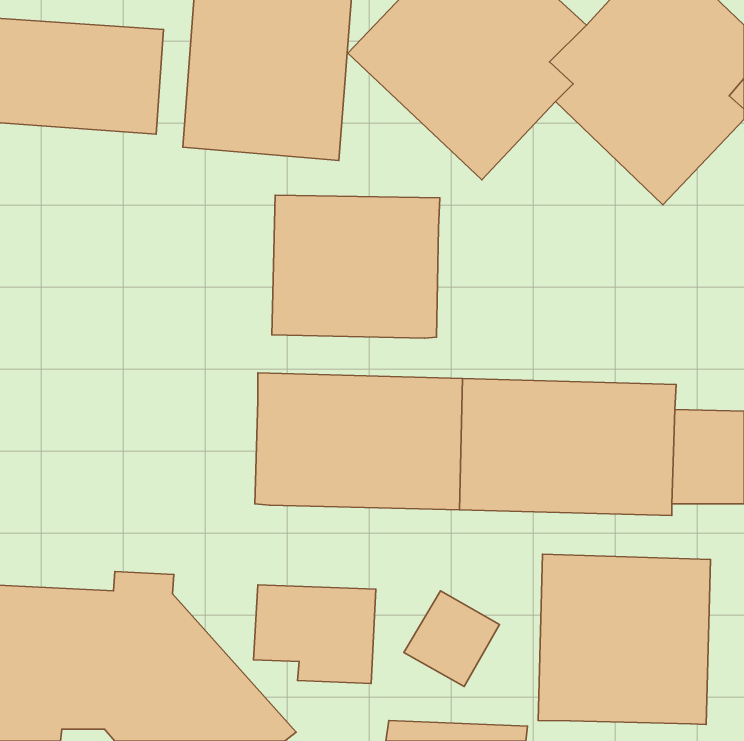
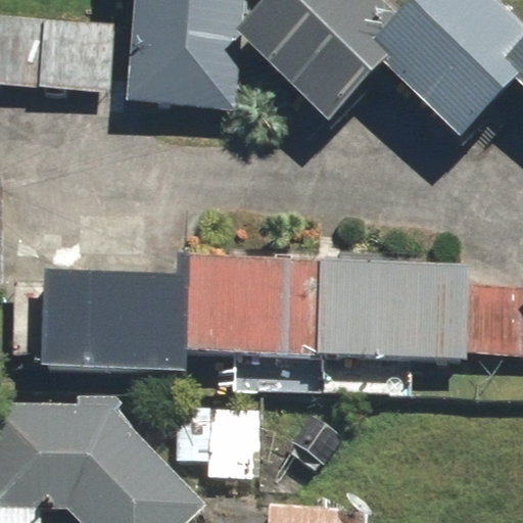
building: [272,195,440,338] -> none
building: none -> [9,275,187,369]
building: [538,554,711,725] -> none

